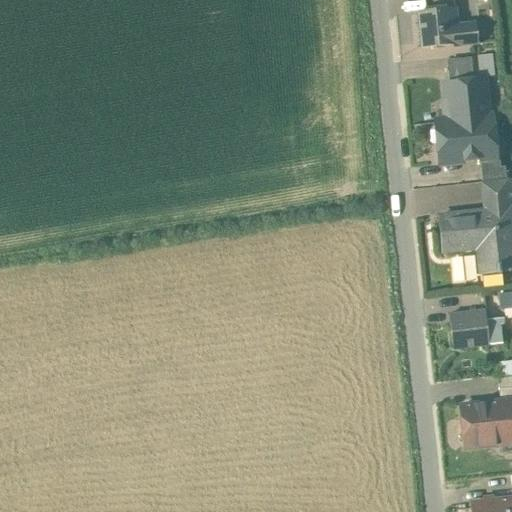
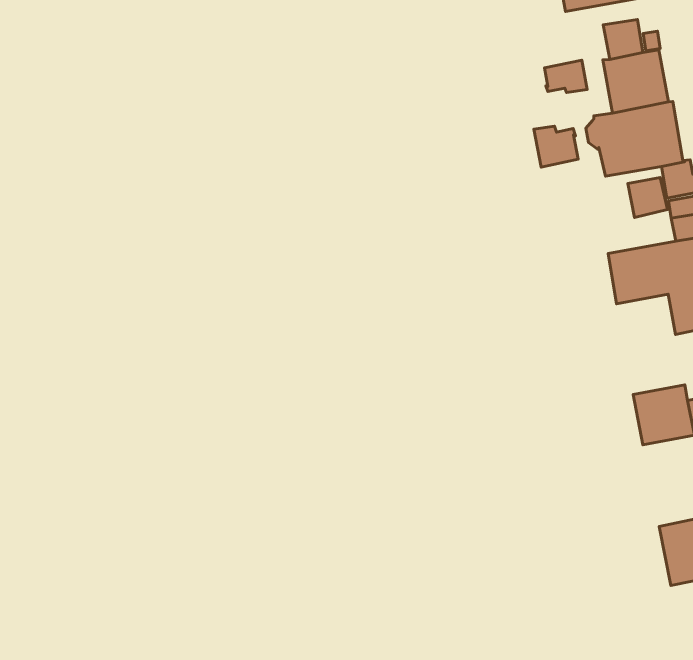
building: none -> [544,60,587,93]
building: none -> [534,126,578,167]
building: none -> [628,177,668,217]

